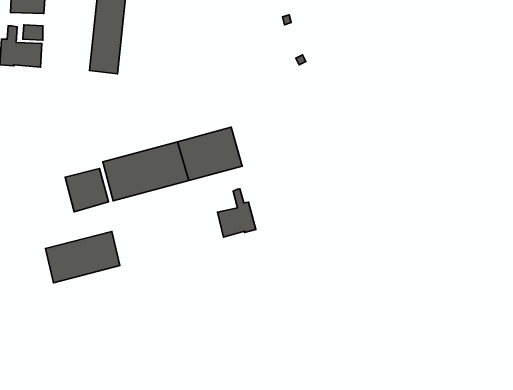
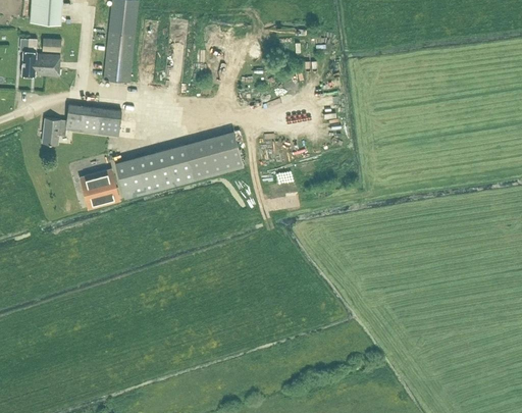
building: none -> [42,104,120,145]
building: [217,189,256,237] -> none
building: [46,232,120,283] -> none

